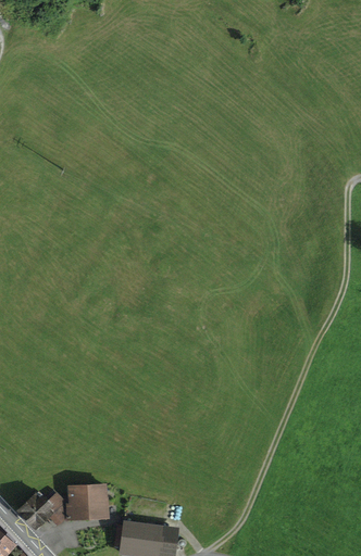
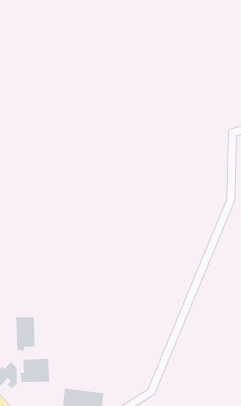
building: none -> [15,317,36,351]

